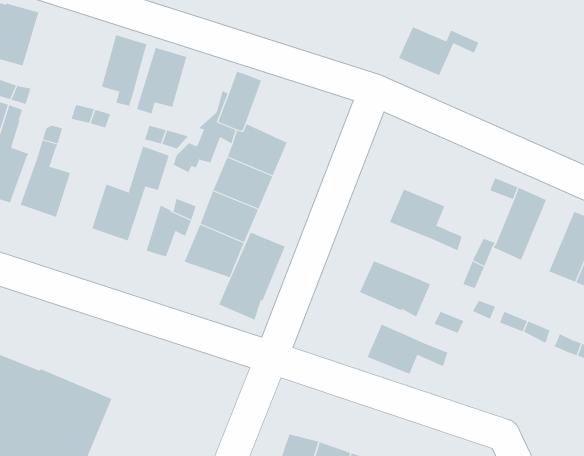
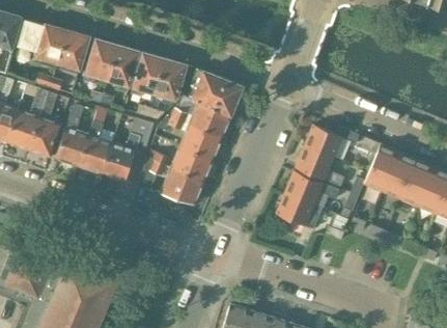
building: none -> [57,31,88,73]
building: none -> [84,39,117,84]
building: [398,27,479,76] -> [305,126,358,158]
building: none -> [155,60,186,106]
building: none -> [202,76,242,116]
building: none -> [79,121,111,172]
building: none -> [382,154,416,200]
building: [219,232,286,320] -> none
building: [367,324,448,375] -> [285,171,338,204]

